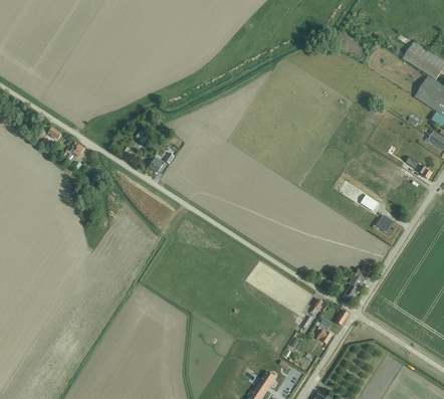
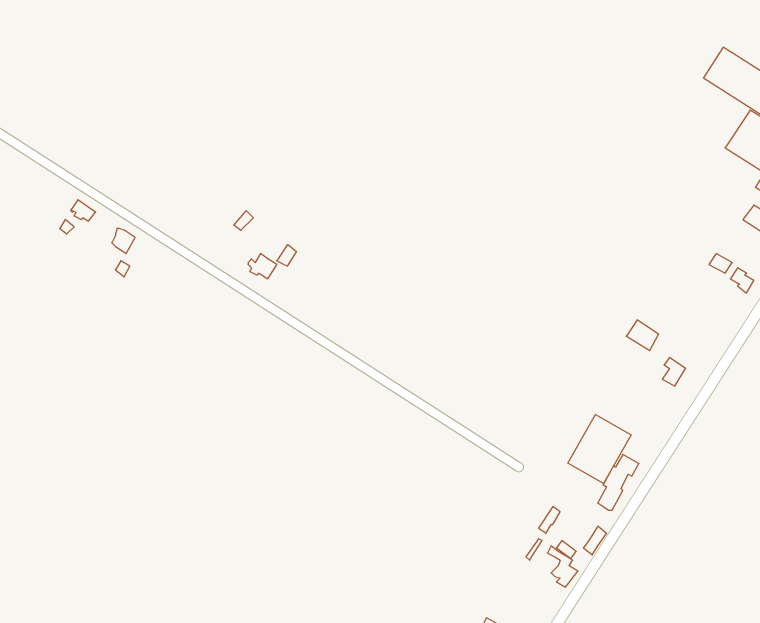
building: none -> [568,415,631,483]

